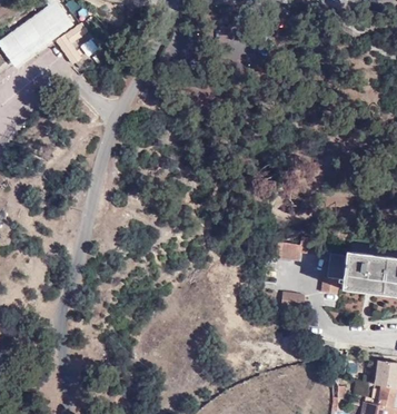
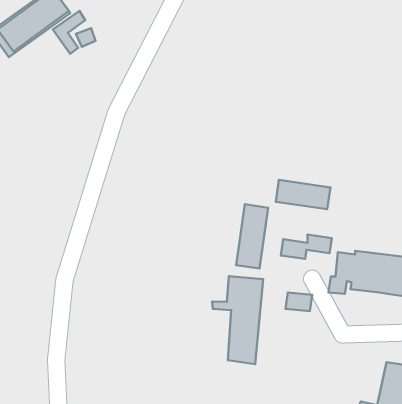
building: none -> [276,180,331,209]
building: none -> [236,204,268,269]
building: none -> [212,276,263,364]

